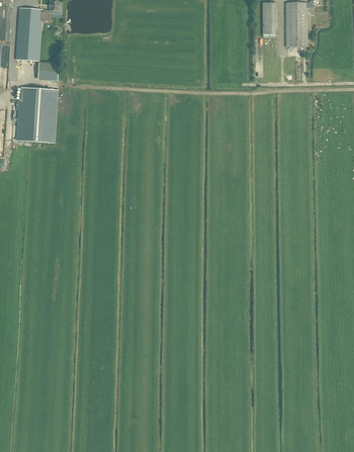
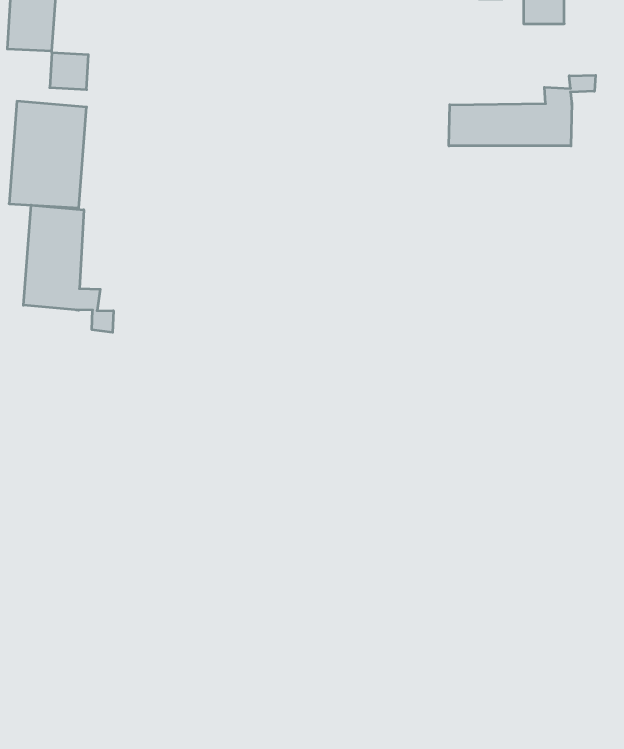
building: none -> [449,75,596,146]
building: none -> [23,205,113,332]

